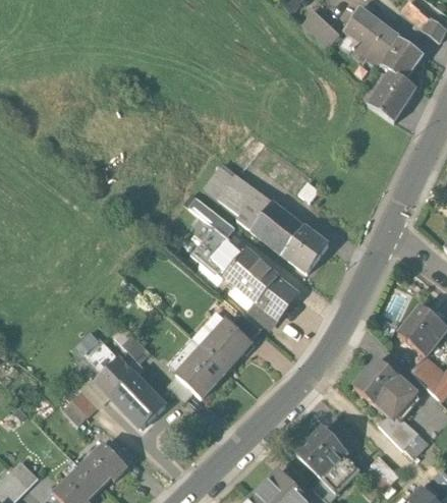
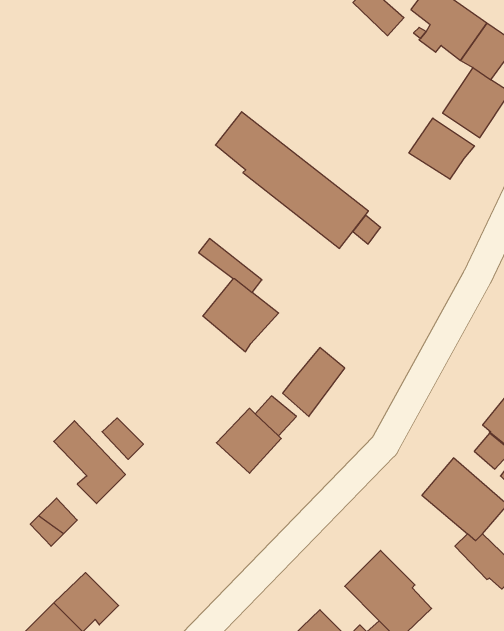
building: none -> [409,118,474,179]
building: [214,171,327,272] -> [215,112,368,248]
building: [226,252,277,301] -> none
building: [177,347,225,395] -> none
building: [112,371,166,426] -> none

